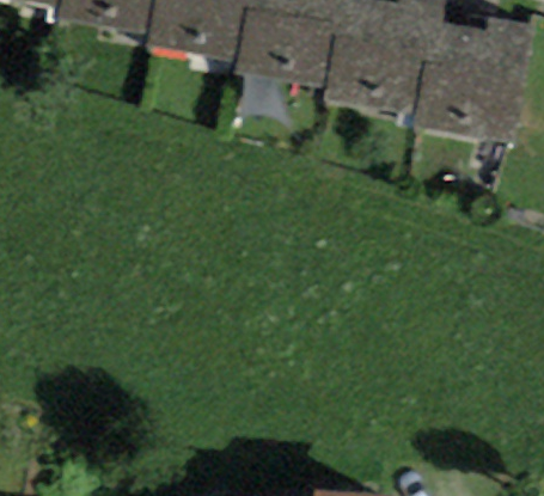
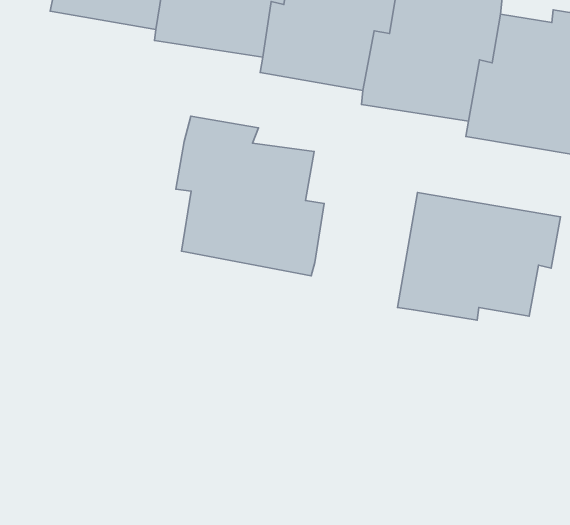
building: none -> [176,116,324,276]
building: none -> [398,192,561,320]

